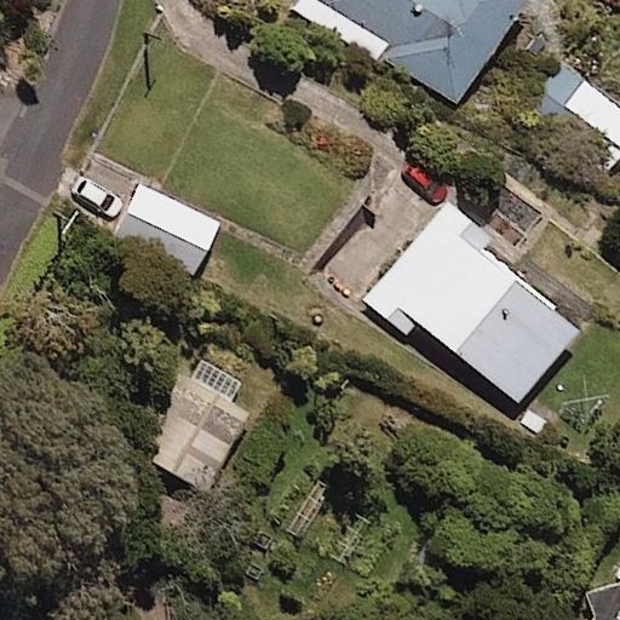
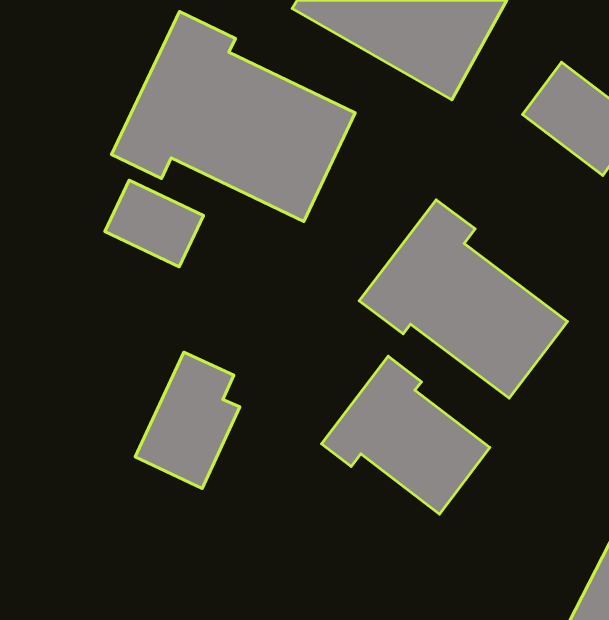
building: none -> [112,11,355,222]
building: none -> [322,356,490,514]

